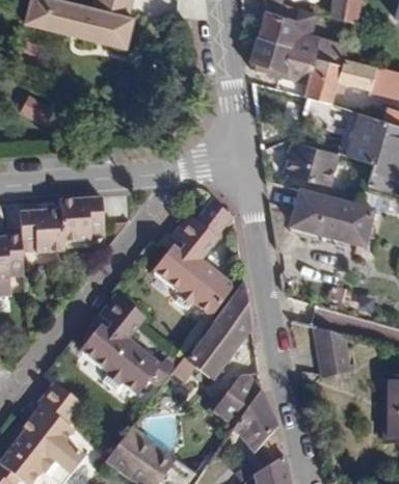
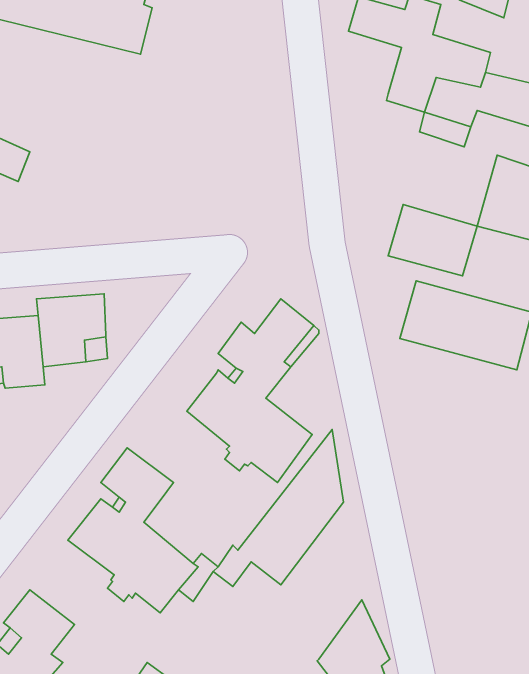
building: [246,31,289,71] -> none
building: [314,326,350,375] -> none
building: [214,373,264,426] -> none

